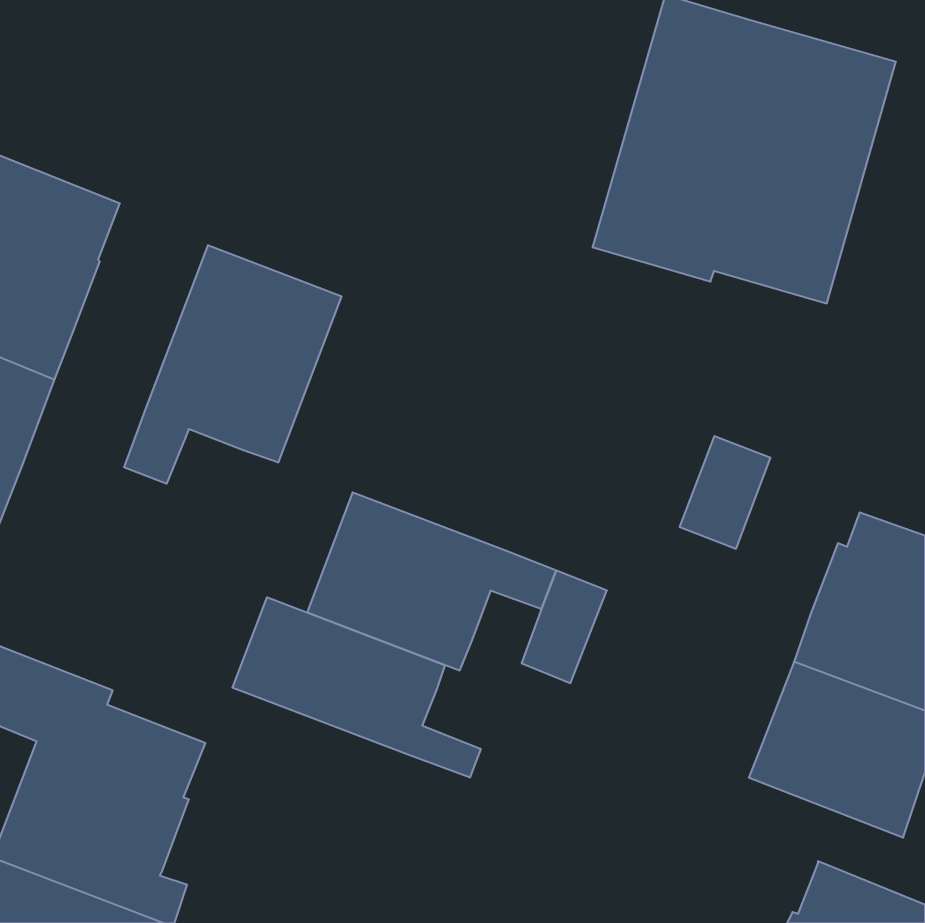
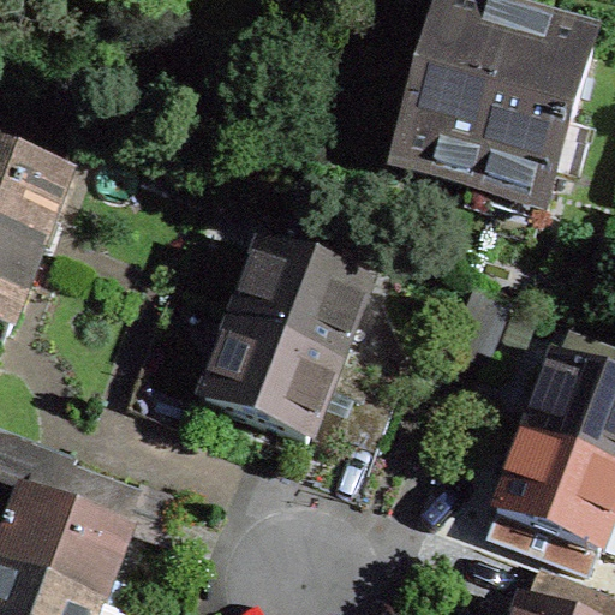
building: [124,245,341,484] -> none
building: none -> [233,247,364,364]
building: [232,597,481,778] -> none

